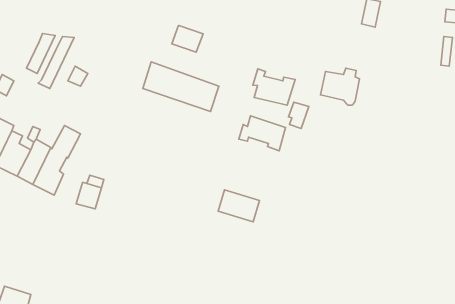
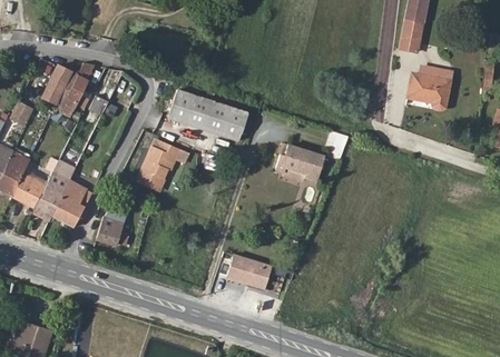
building: [172,25,203,52] -> none
building: [320,68,359,105] -> [408,69,449,108]
building: [253,69,295,105] -> none
building: none -> [138,141,187,190]
building: [218,190,259,222] -> [228,256,272,289]

